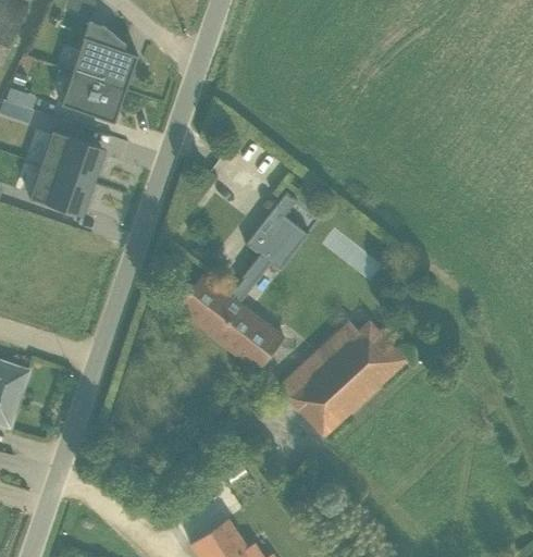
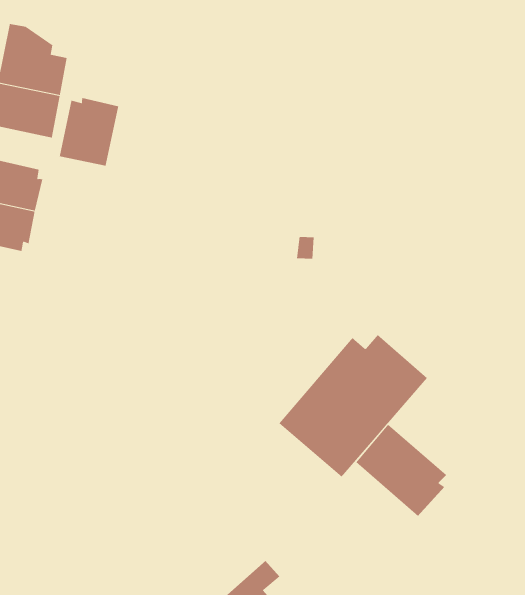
building: none -> [59,97,119,167]
building: [171,191,303,377] -> none
building: none -> [355,424,447,517]

